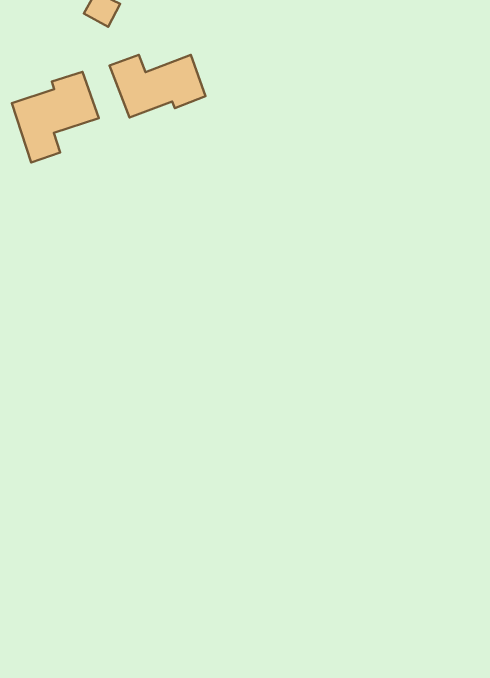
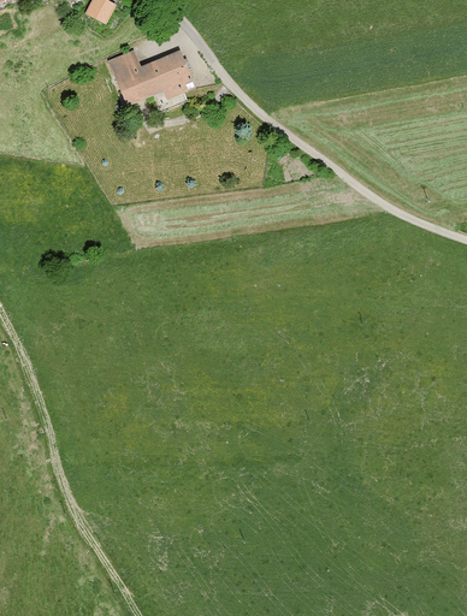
building: [12,72,99,162] -> none

